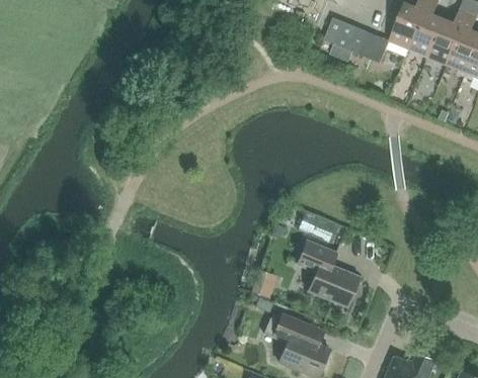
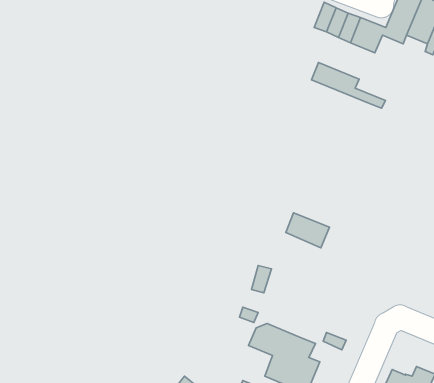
building: none -> [311,62,386,108]
building: [296,241,357,306] -> none

